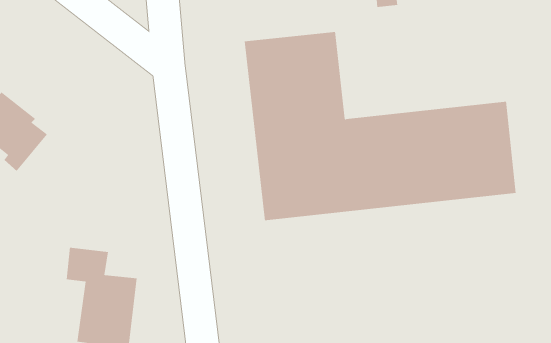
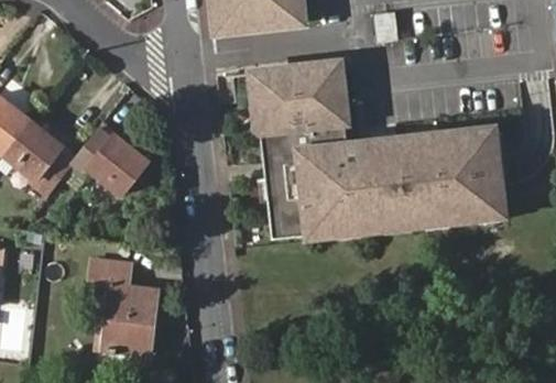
building: none -> [74,128,150,194]

